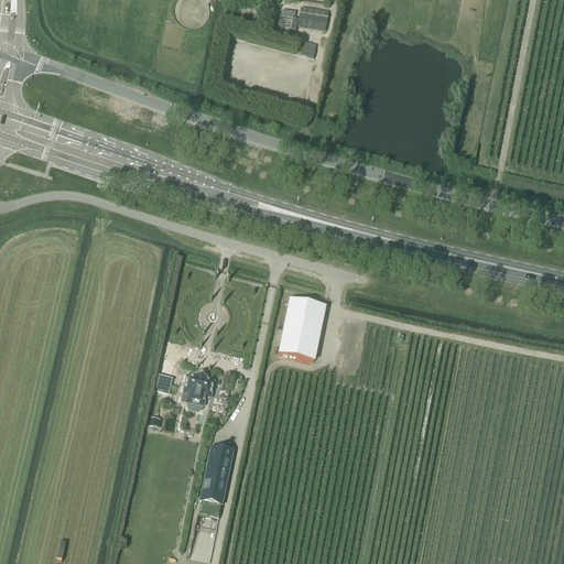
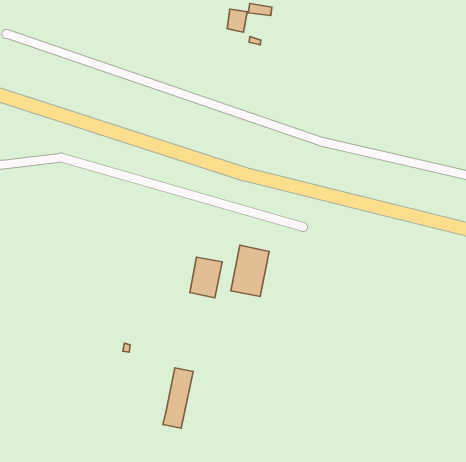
building: none -> [190,257,222,298]
building: [183,370,215,406] -> none

